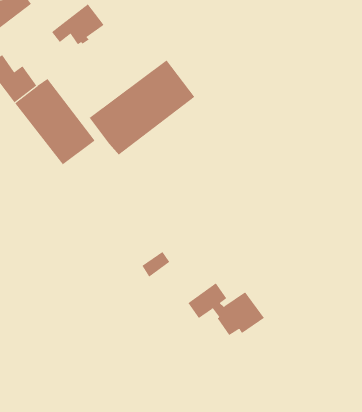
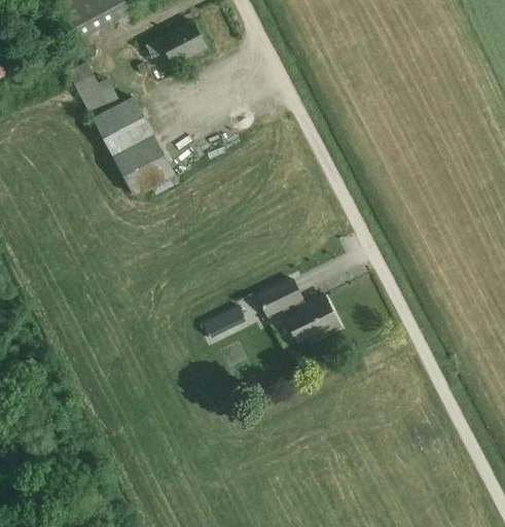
building: [89,59,195,156] -> none
building: [187,283,265,336] -> [257,279,340,341]

